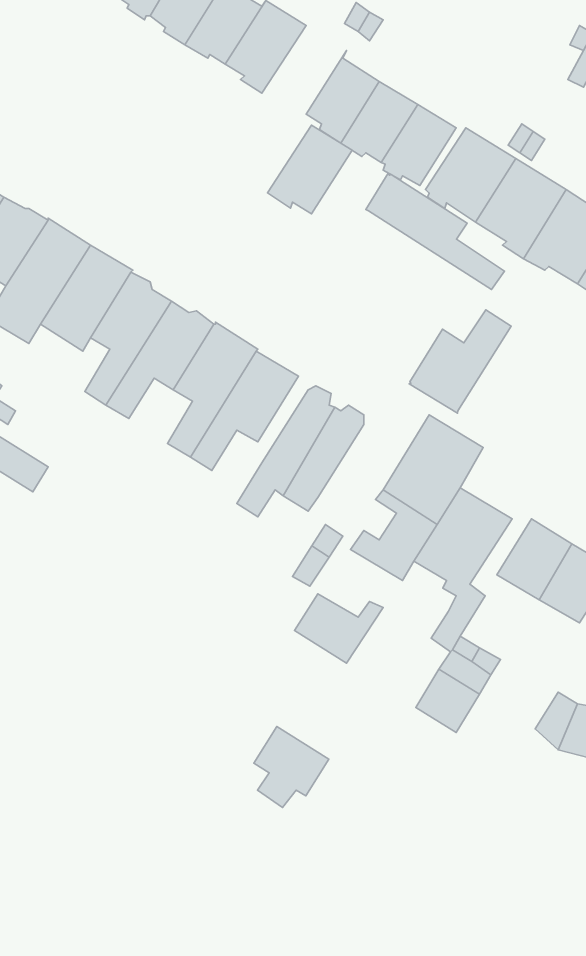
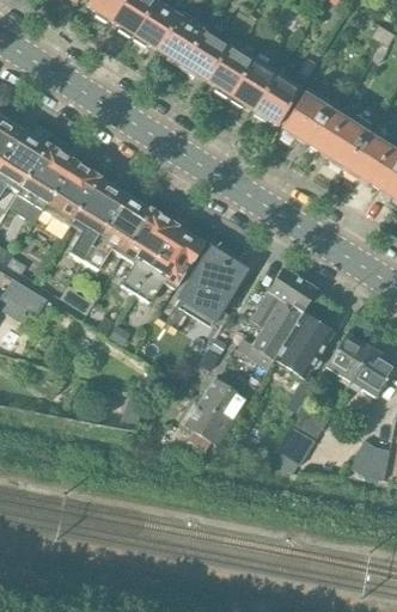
building: [267,125,352,214] -> [181,25,233,80]
building: [366,173,505,290] -> none
building: [409,310,511,413] -> none
building: [254,726,329,807] -> [187,400,233,451]

